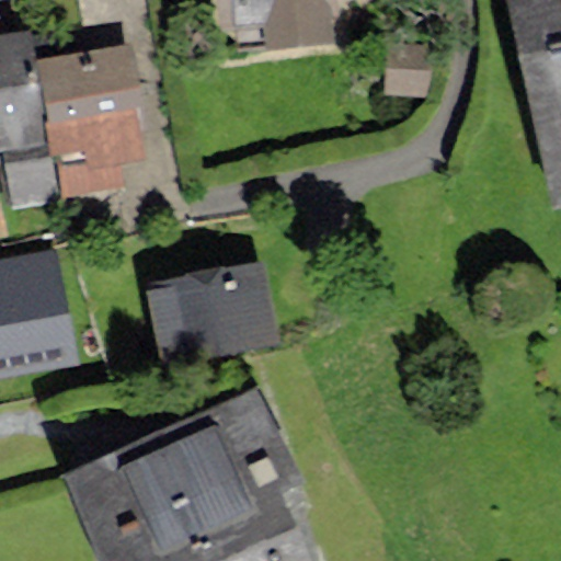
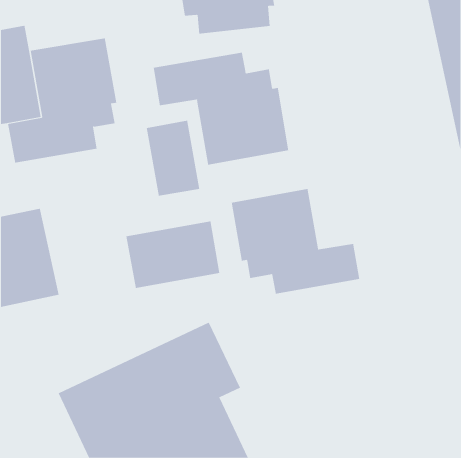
building: none -> [153,52,289,165]
building: none -> [146,120,200,197]
building: none -> [231,188,360,294]

